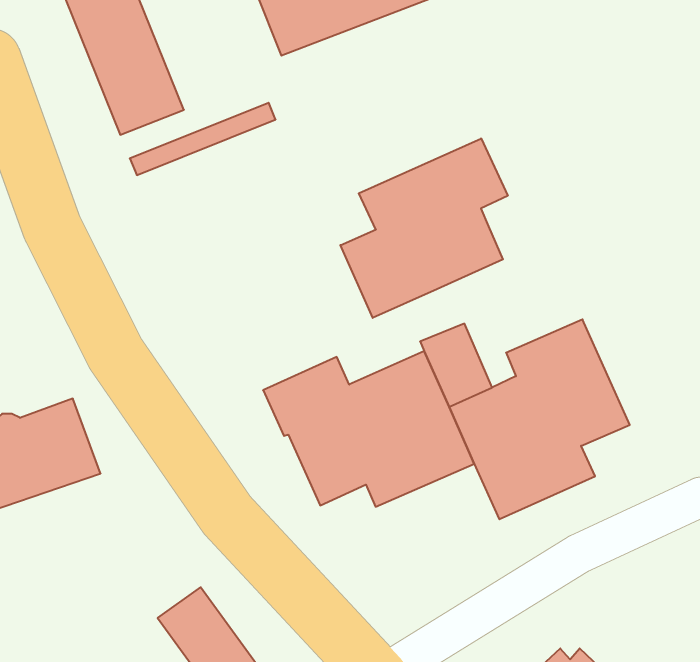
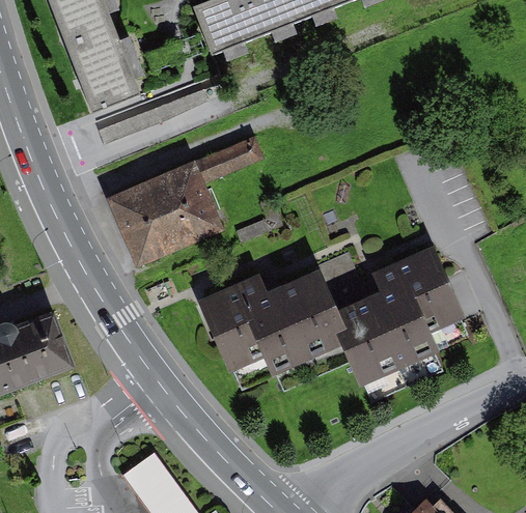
building: [340,138,508,318] -> none
building: none -> [110,136,261,261]

